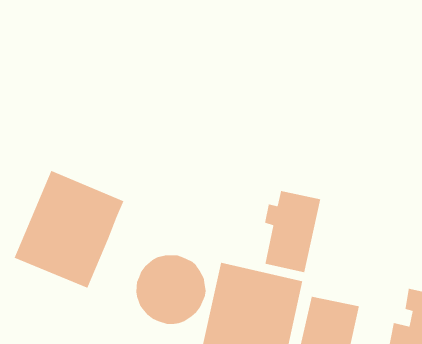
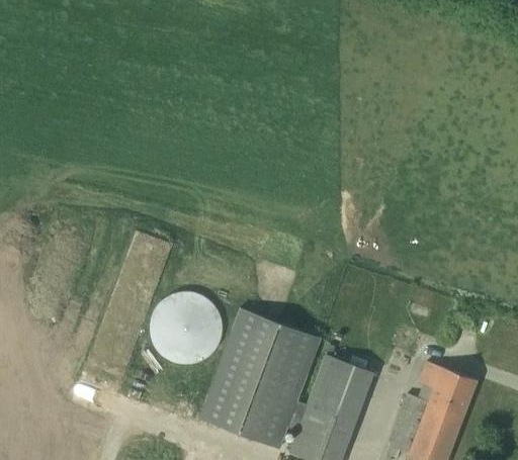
building: [14,170,124,289] -> none
building: [264,190,321,273] -> none

